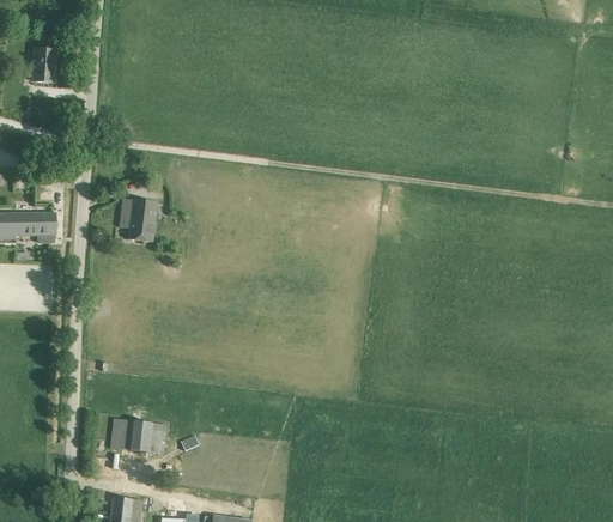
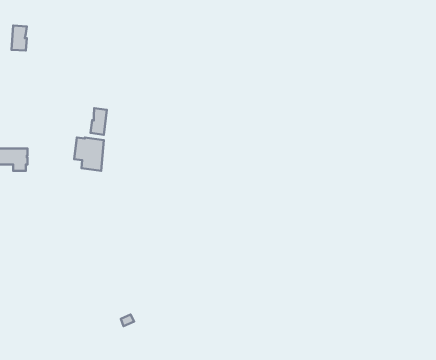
building: none -> [90,108,107,135]
building: [109,417,165,453] -> none

